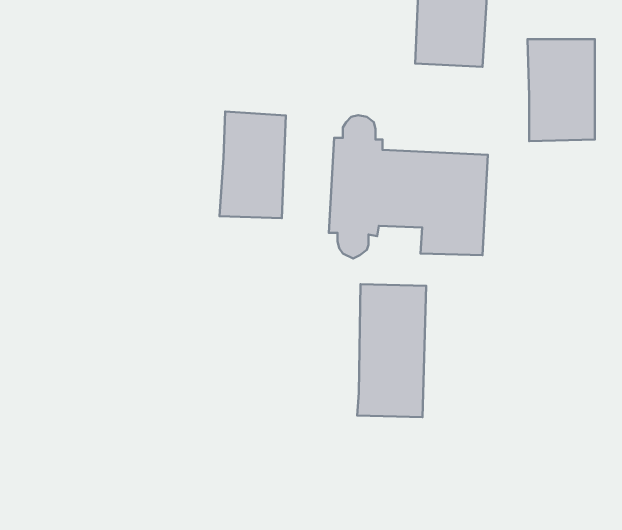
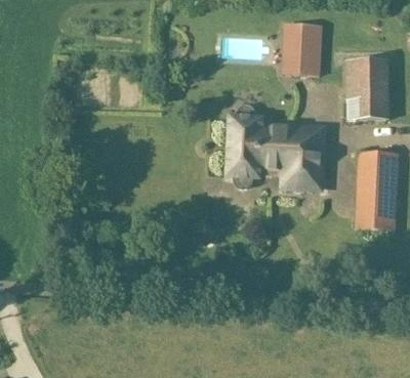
building: [220,112,286,218] -> none
building: [357,284,426,417] -> [355,153,396,232]

